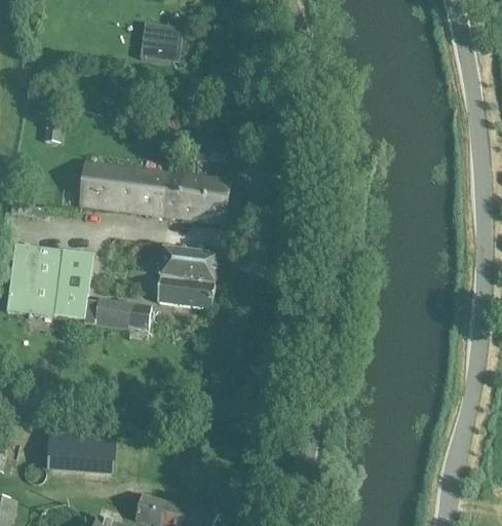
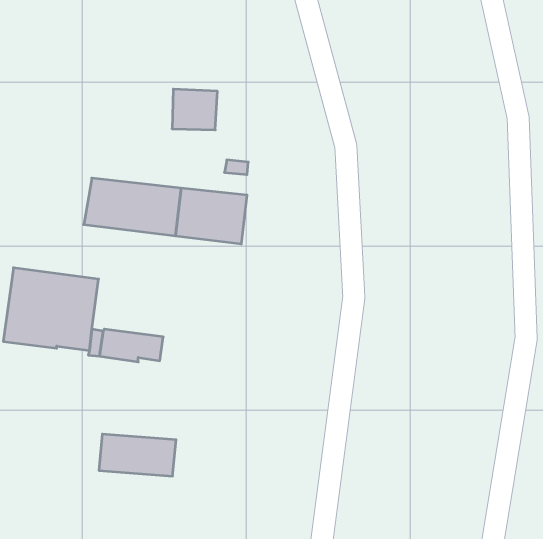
building: [142,23,183,60] -> [172,89,217,130]
building: [157,250,218,308] -> none
building: [46,434,116,472] -> [99,434,176,476]

